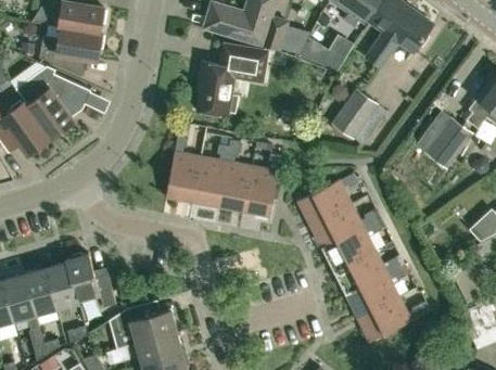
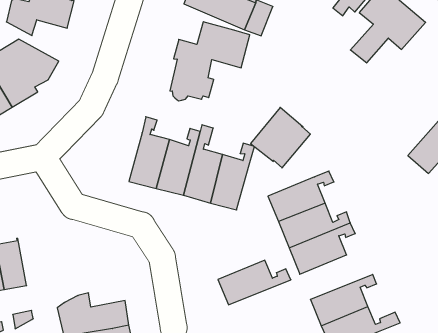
building: [298,35,353,72] -> none
building: [331,88,386,144] -> [251,107,310,168]
building: [333,250,402,294] -> [218,260,291,305]
building: [66,252,116,306] -> none

